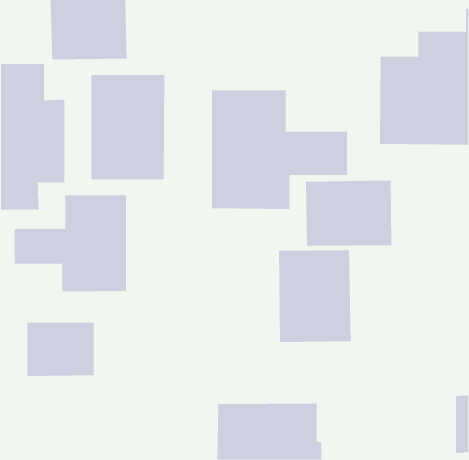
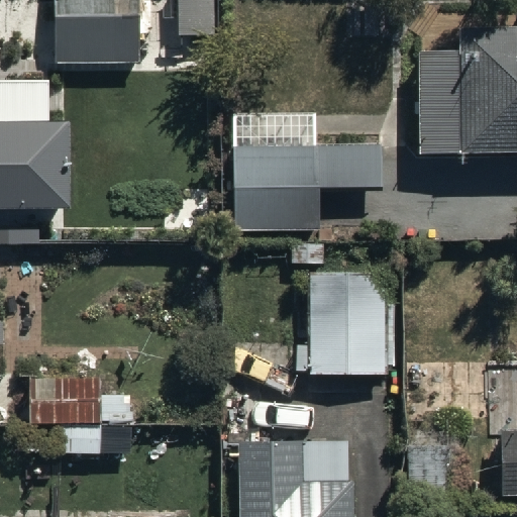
building: [91,74,165,180] -> none
building: [306,180,392,246] -> none
building: [14,194,127,292] -> none

